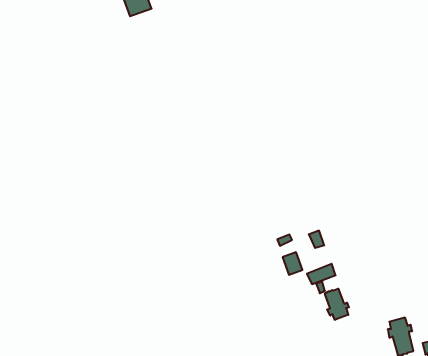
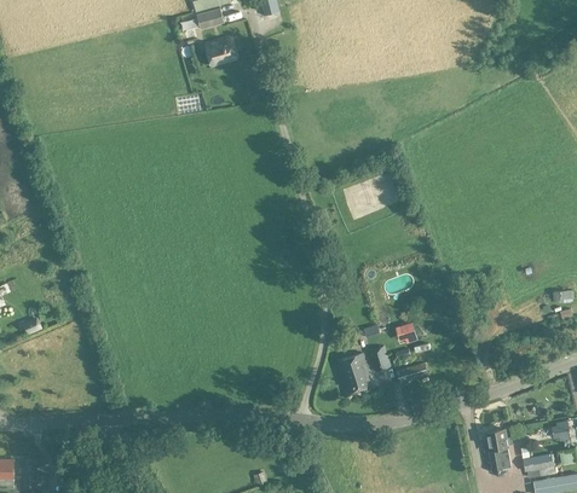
building: none -> [336,353,371,392]
building: [325,289,349,320] -> none

